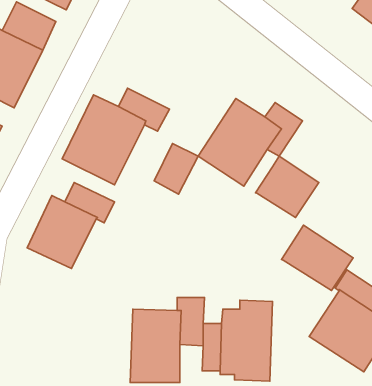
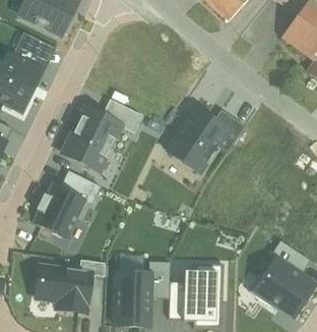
building: [154,143,198,194] -> none
building: [255,156,319,218] -> none
building: [281,225,353,291] -> none
building: none -> [33,264,93,314]

